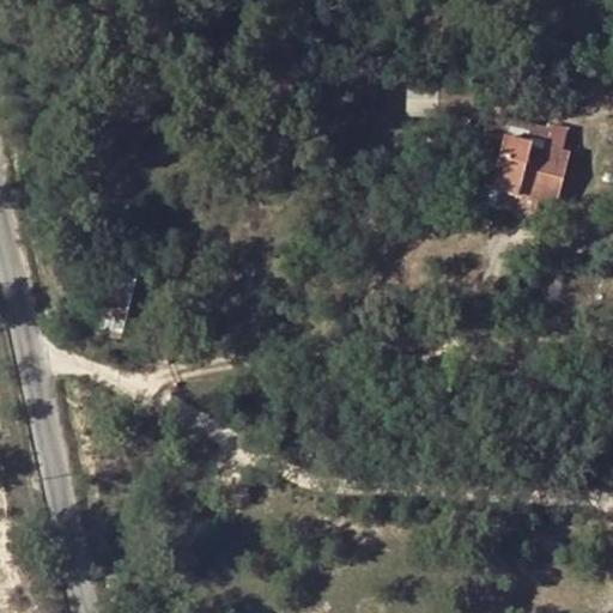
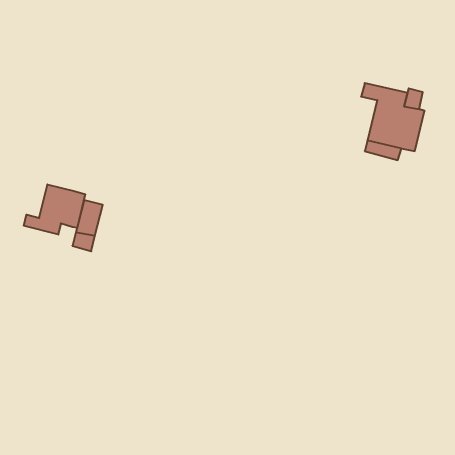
building: none -> [24,184,85,235]

